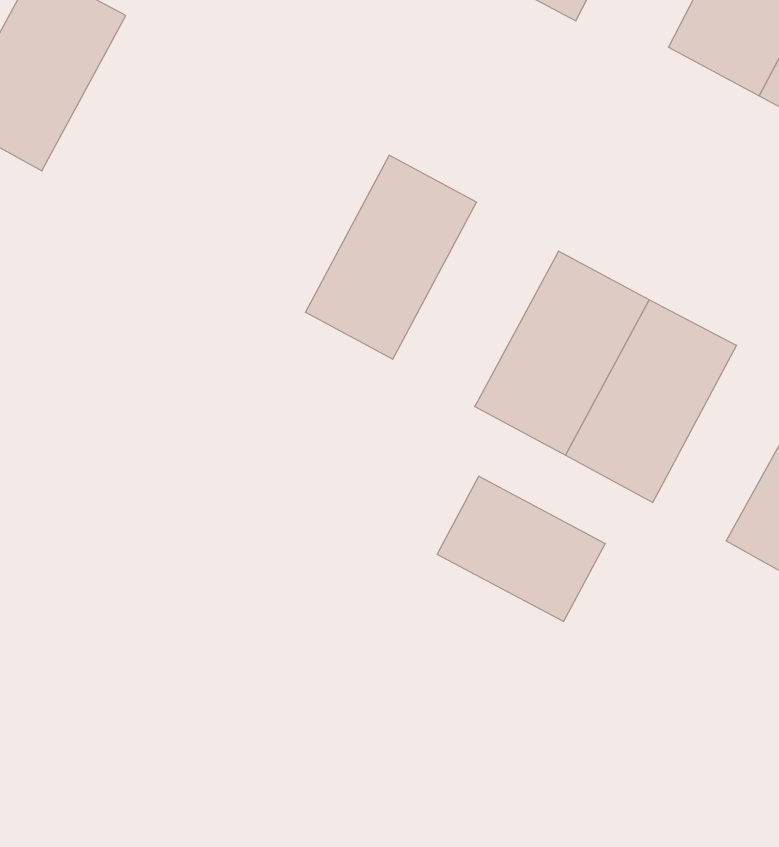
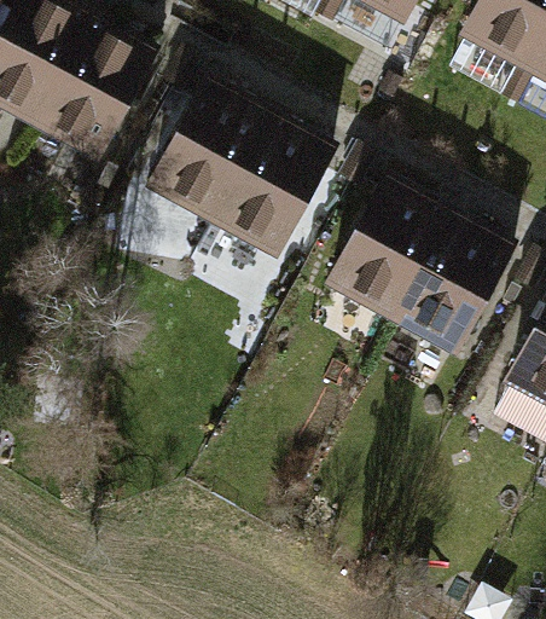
building: none -> [30,18,149,158]
building: none -> [150,82,271,224]
building: [437,476,605,622] -> none

